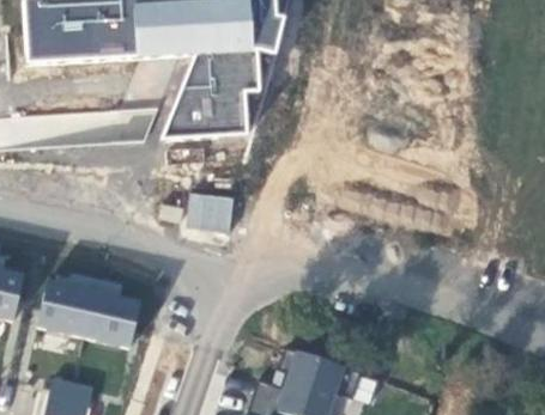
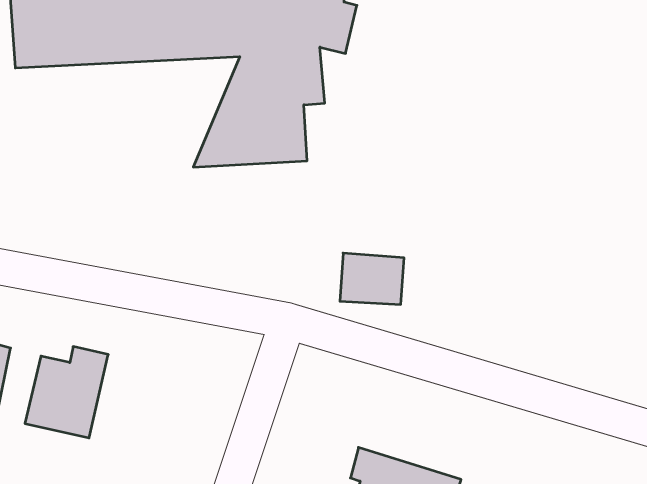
building: [186,190,234,228] -> [340,253,404,304]
building: [84,276,143,350] -> none

